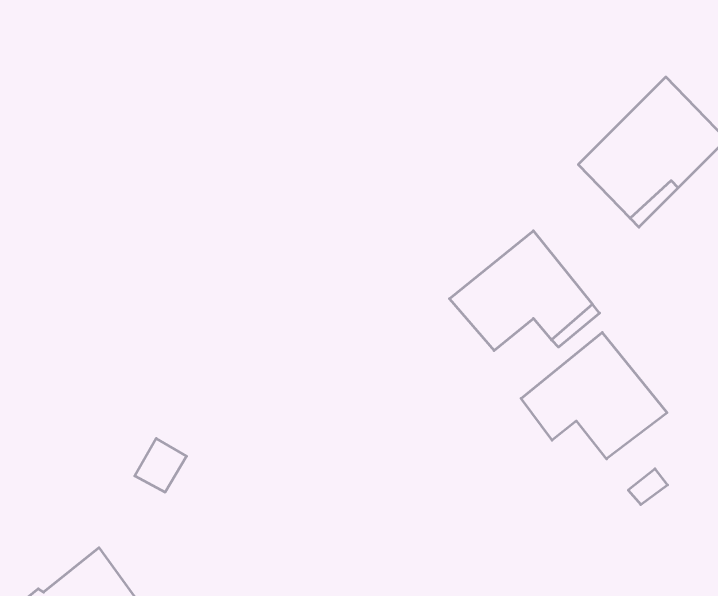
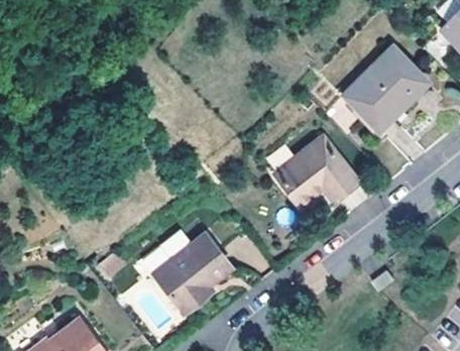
building: [521,332,667,459] -> none
building: none -> [151,235,229,314]

